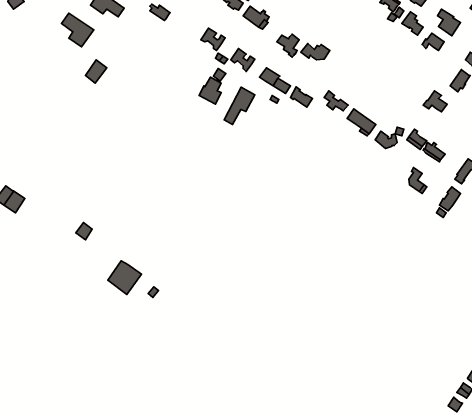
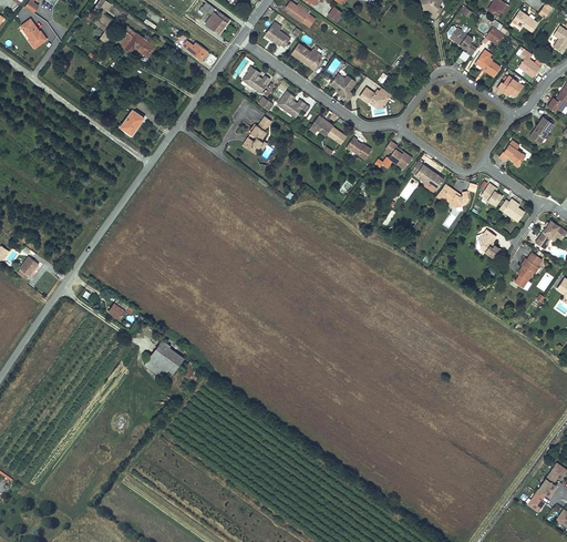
building: [61,13,94,47] -> none
building: [224,87,255,125] -> none

